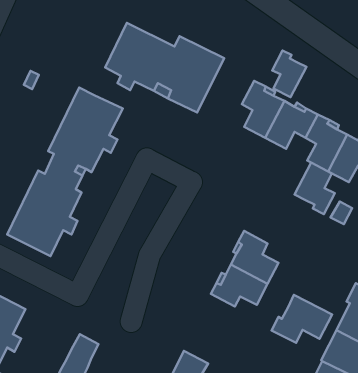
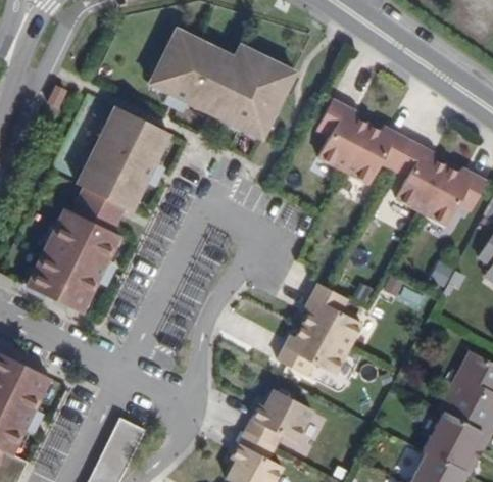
building: [272,50,306,97] -> none
building: [295,163,335,214] -> none
building: [271,295,332,343] -> none
building: none -> [246,388,313,445]

